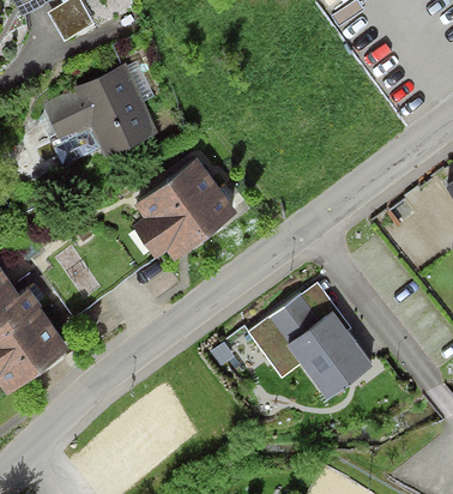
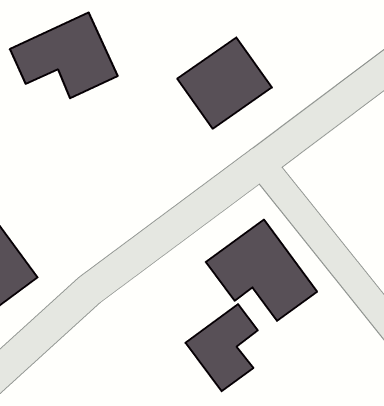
building: [137,159,238,258] -> [177,37,272,129]
building: none -> [185,304,258,391]

